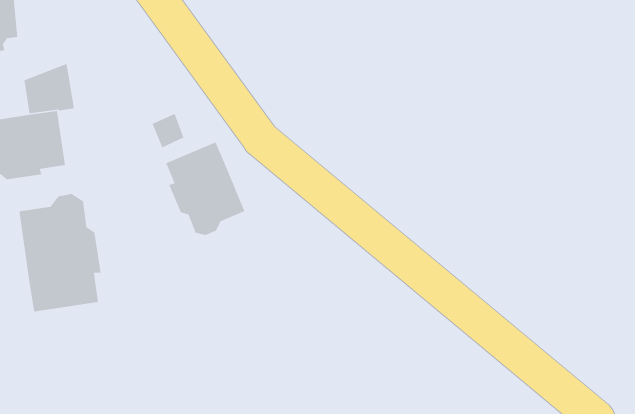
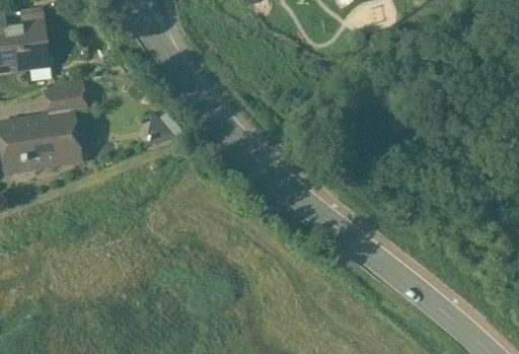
building: [165,141,245,236] -> none
building: [19,193,101,313] -> none

